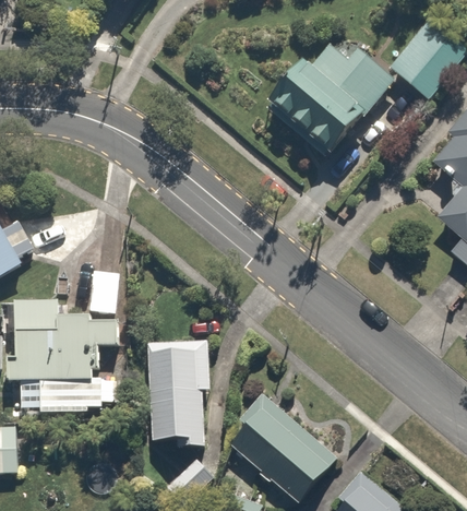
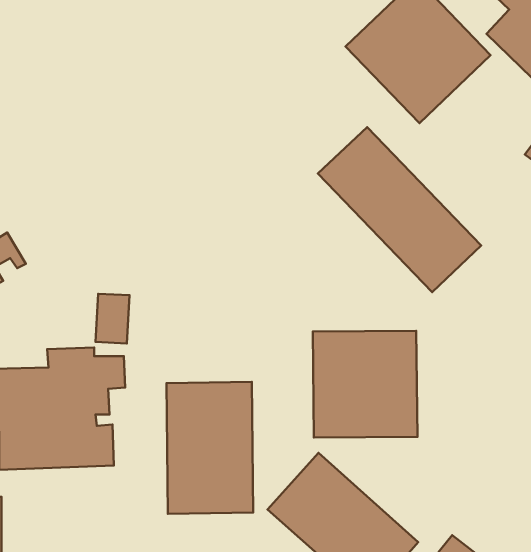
building: none -> [318,127,481,292]
building: none -> [313,331,417,438]

